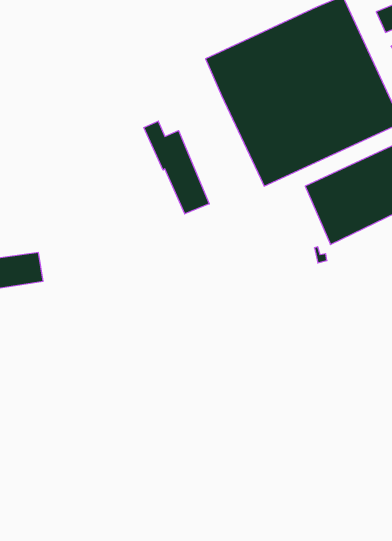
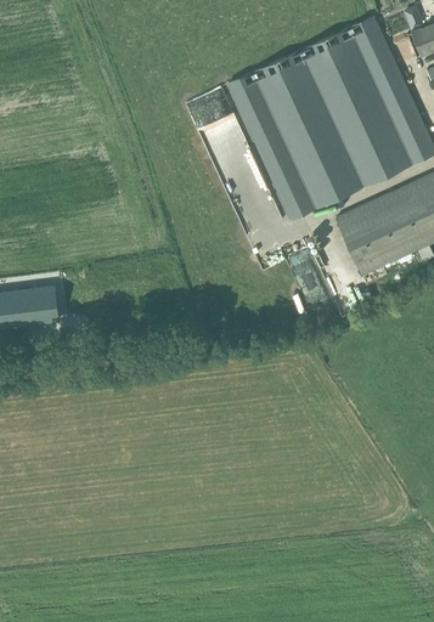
building: [144,121,209,214] -> none

